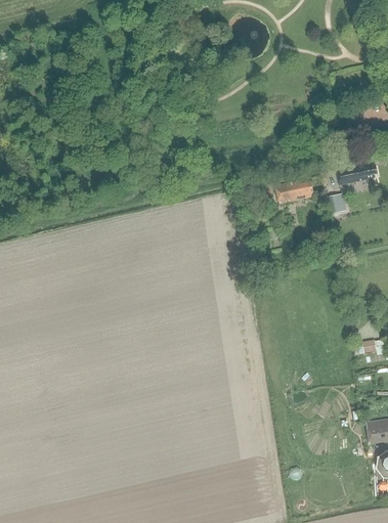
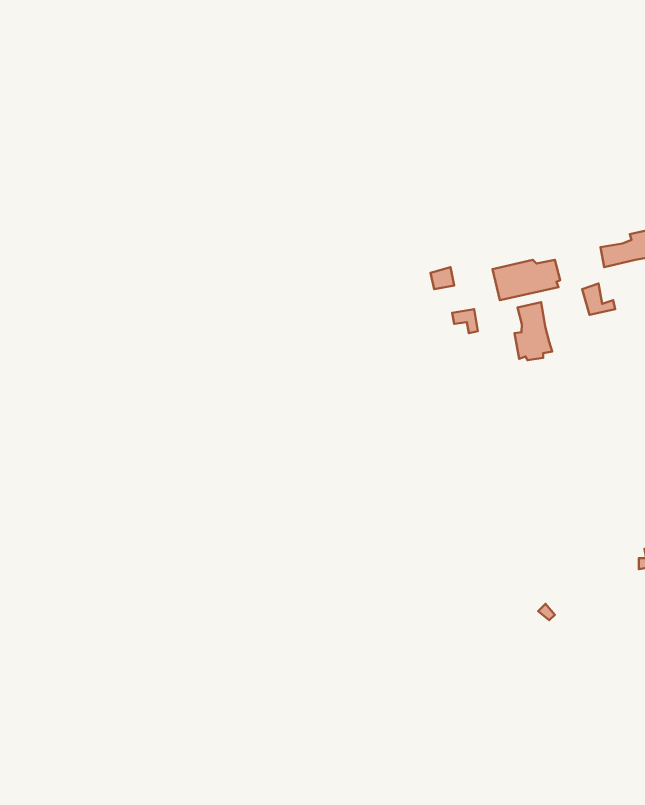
building: none -> [515,302,552,360]

